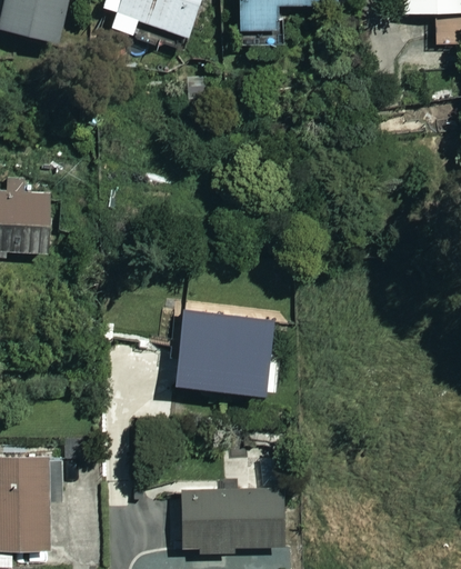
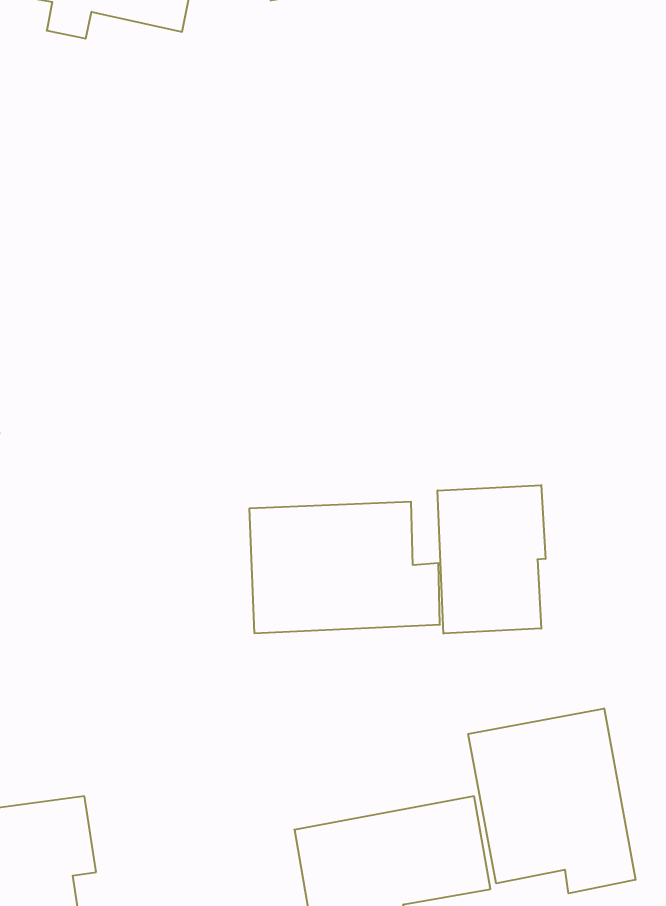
building: none -> [438,485,545,634]
building: none -> [468,708,635,893]

